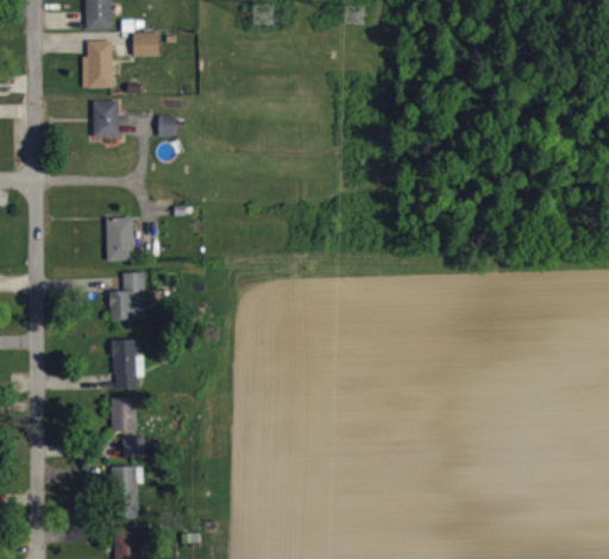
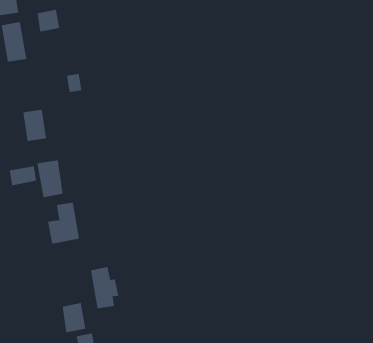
building: [94,101,119,138] -> [23,109,47,141]
building: none -> [9,165,37,186]
building: [113,339,144,389] -> [90,267,119,309]

